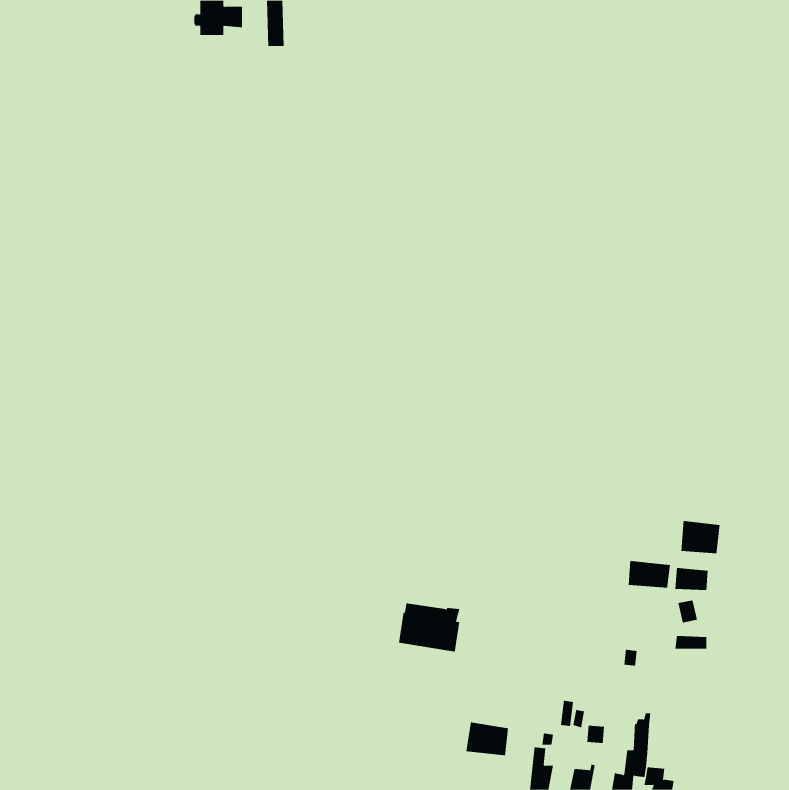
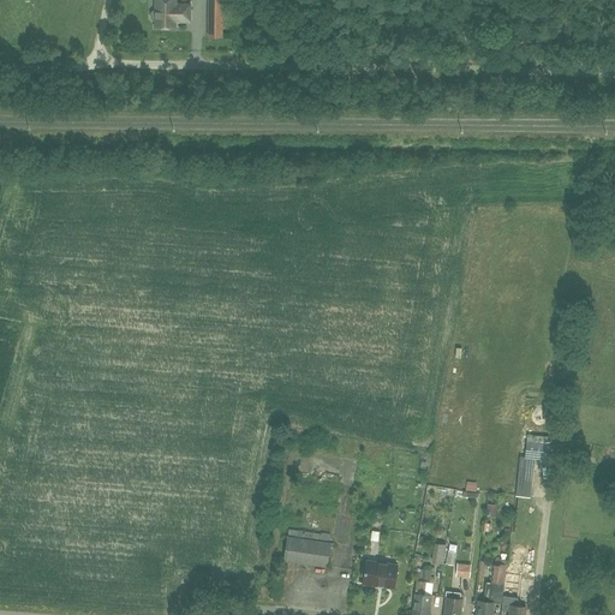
building: [681,520,720,554] -> none
building: [628,560,670,588] -> none
building: [398,603,460,652] -> [282,529,330,567]

